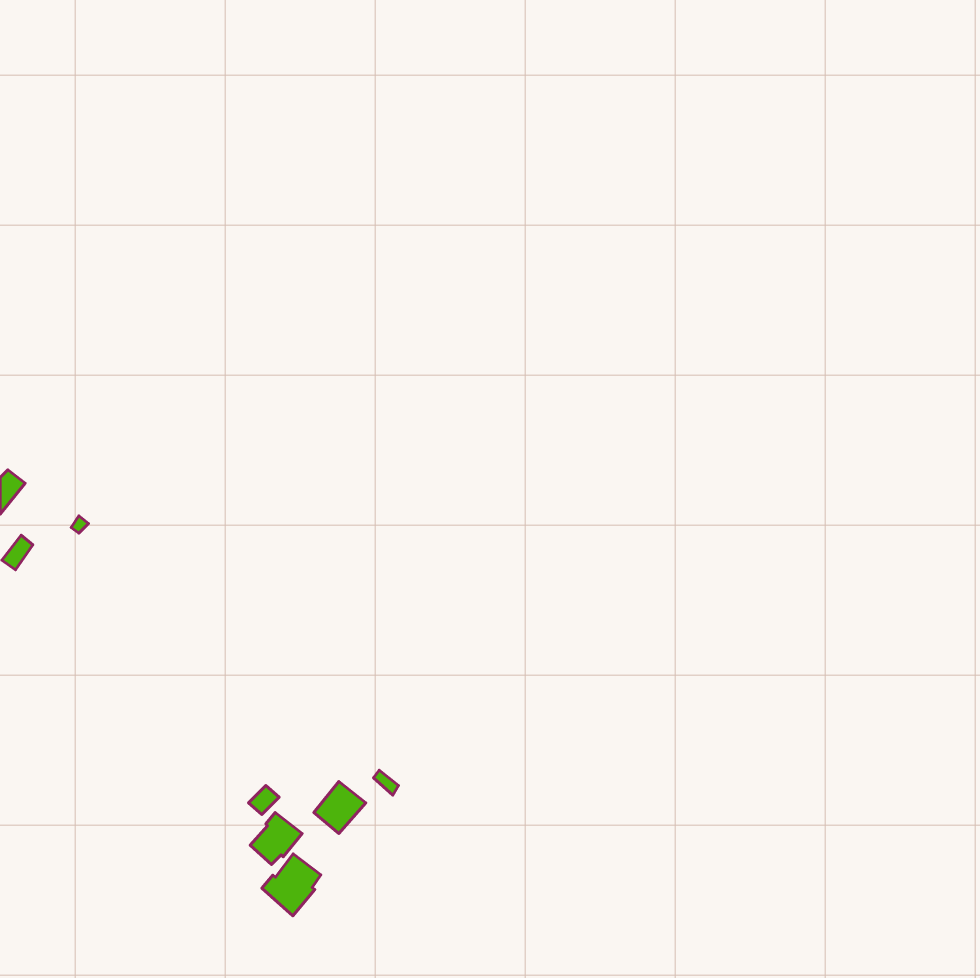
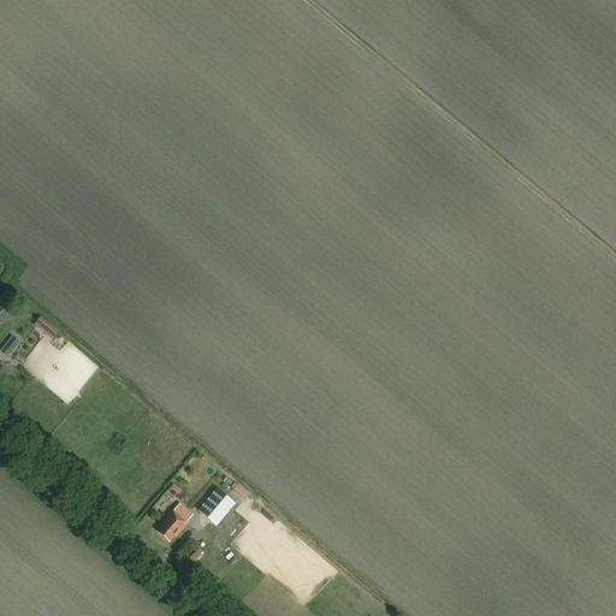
building: [262,854,321,916] -> none

